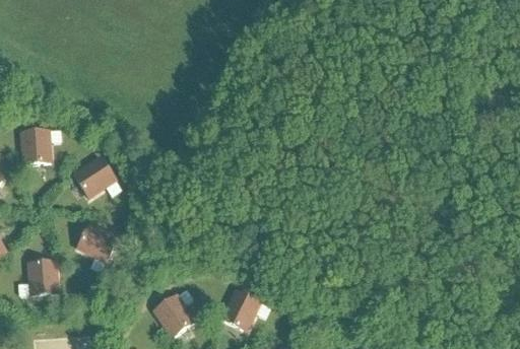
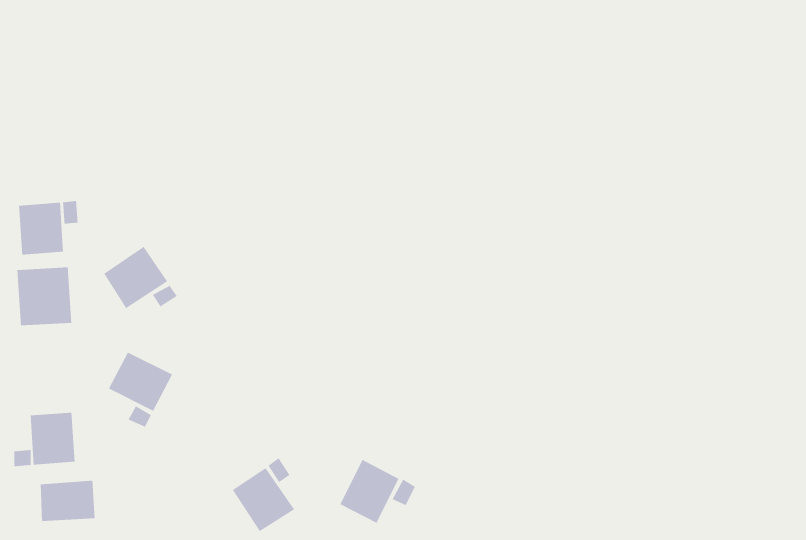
building: none -> [16,267,72,326]
building: none -> [40,480,96,522]

